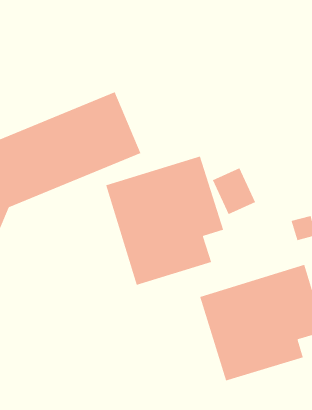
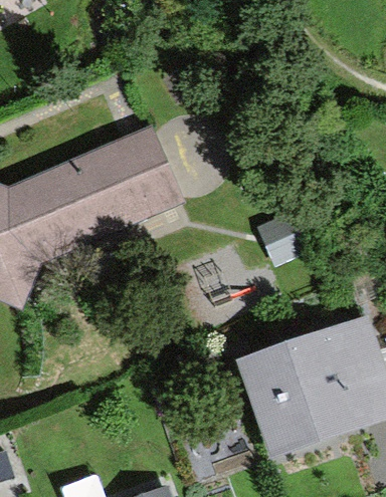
building: [105,156,224,286] -> none

